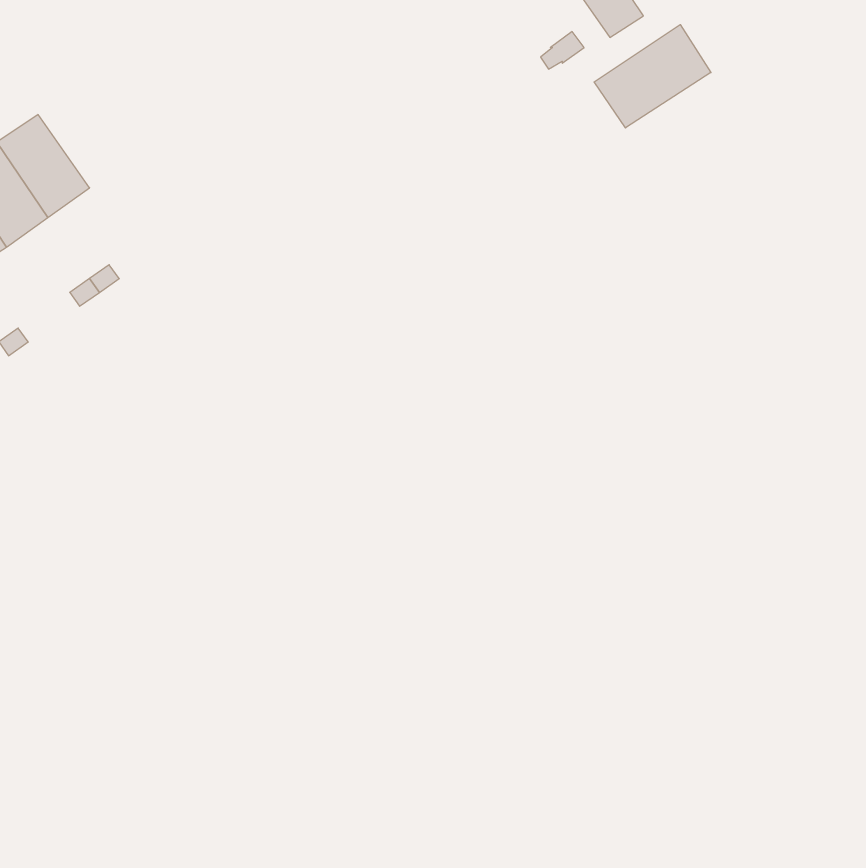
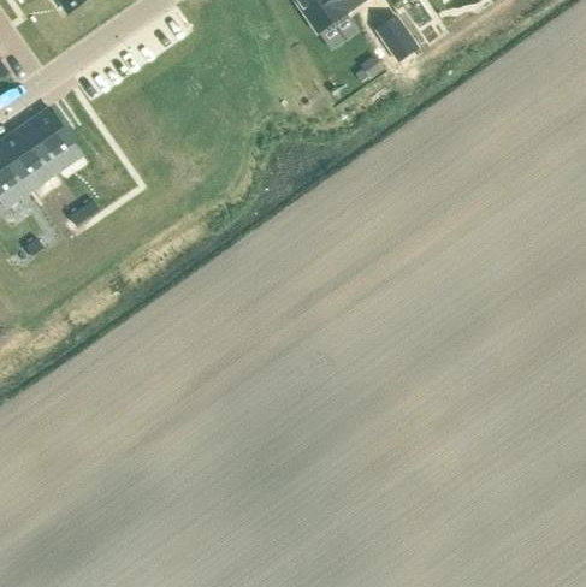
building: [594,25,711,128] -> none

